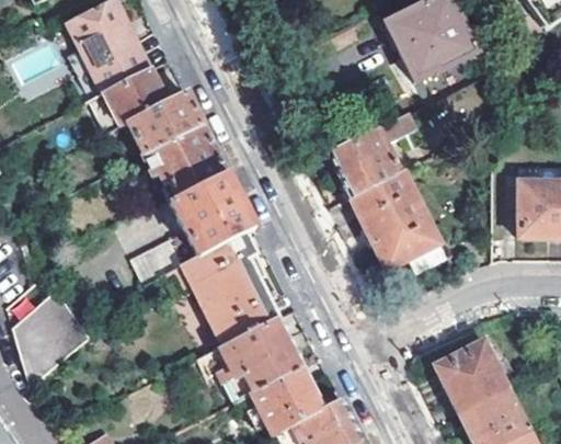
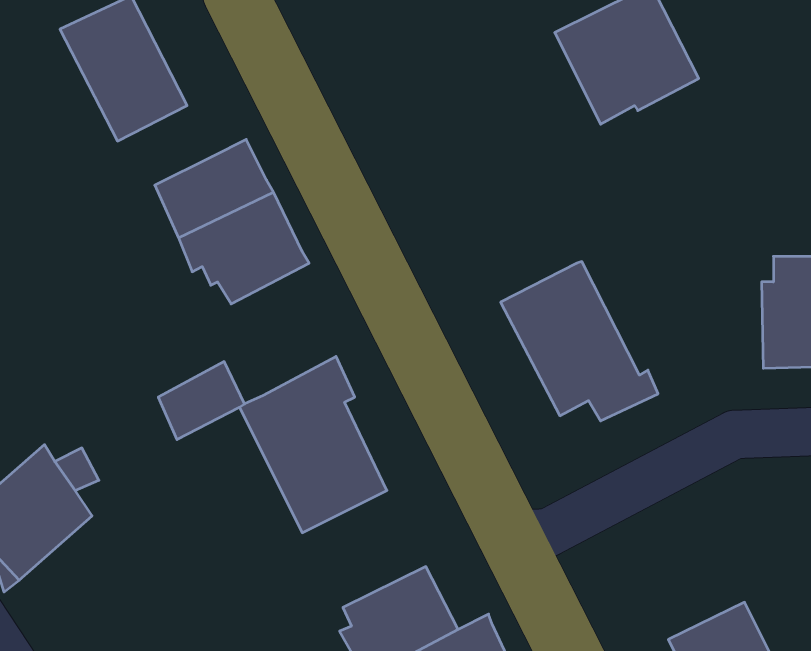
building: [103,70,164,126] -> none
building: [330,115,417,197] -> none
building: [170,172,255,258] -> none
building: [216,319,302,405] -> none
building: [434,343,508,415] -> none

